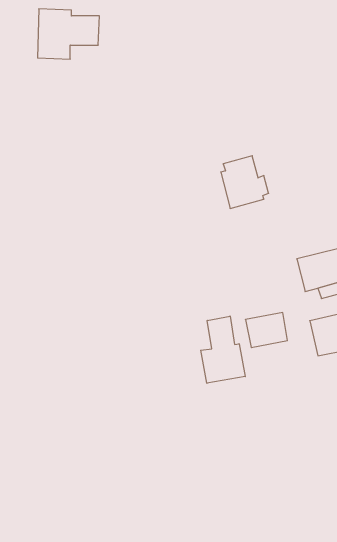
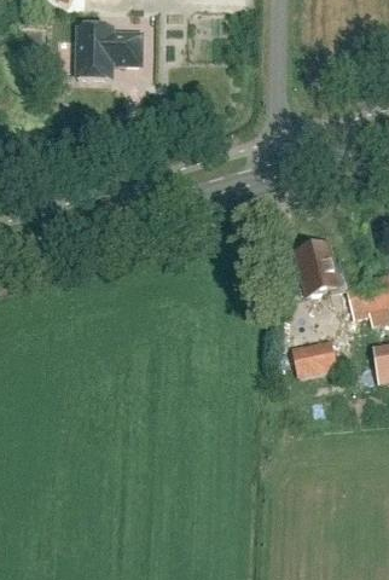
building: [221,156,269,208] -> [296,242,346,296]
building: [201,316,245,383] -> none

